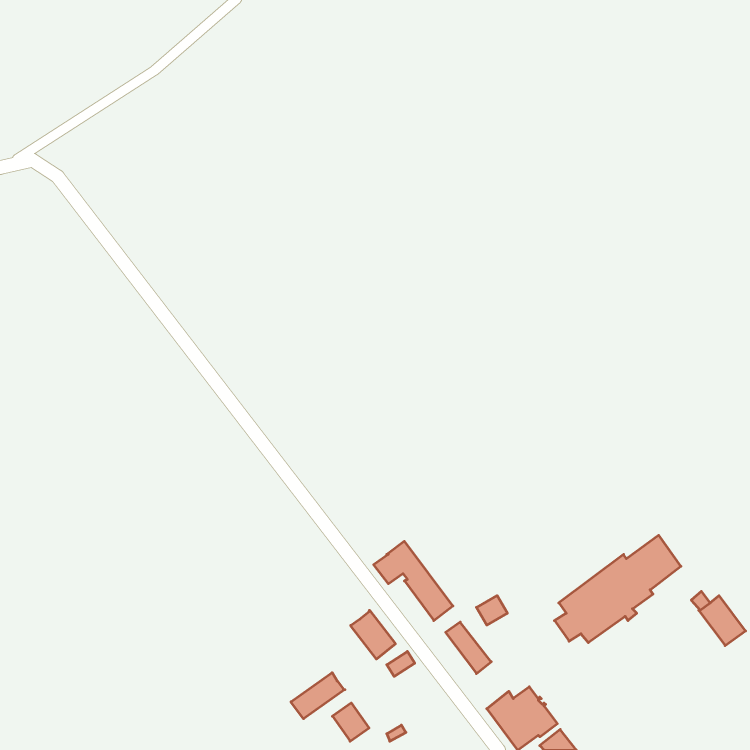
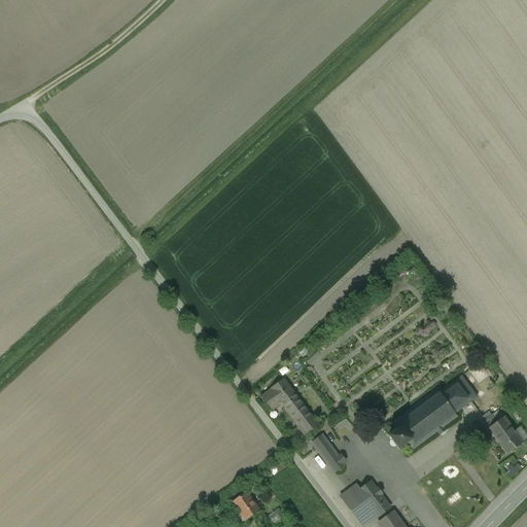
building: [351,610,395,659] -> none
building: [291,673,345,719] -> none

